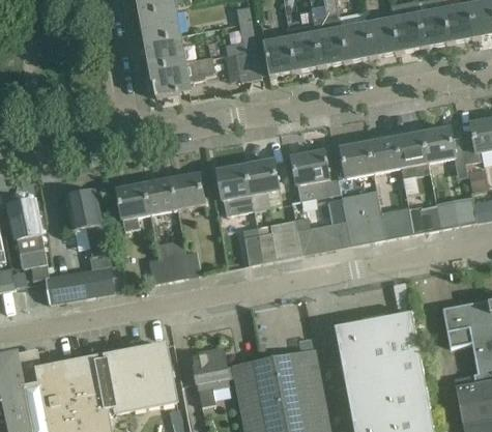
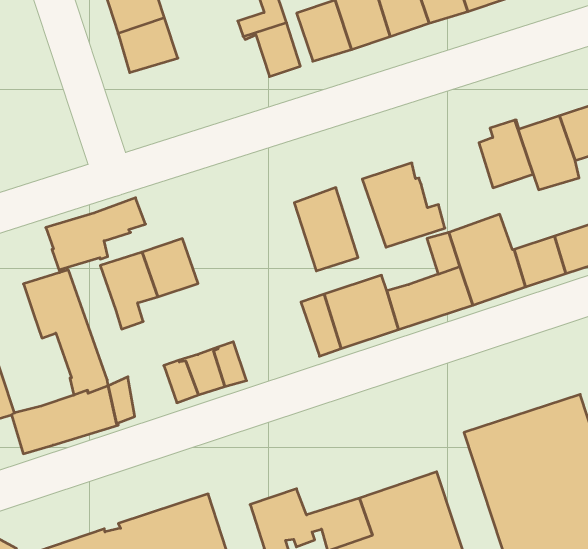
building: [151,56,215,97] -> [46,198,146,273]
building: [335,142,374,179] -> none
building: [218,165,254,215] -> none
building: [171,173,205,208] -> none

